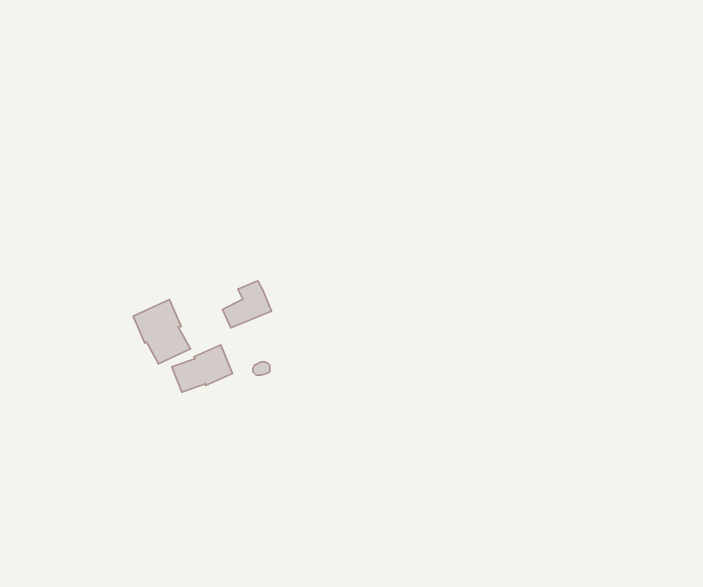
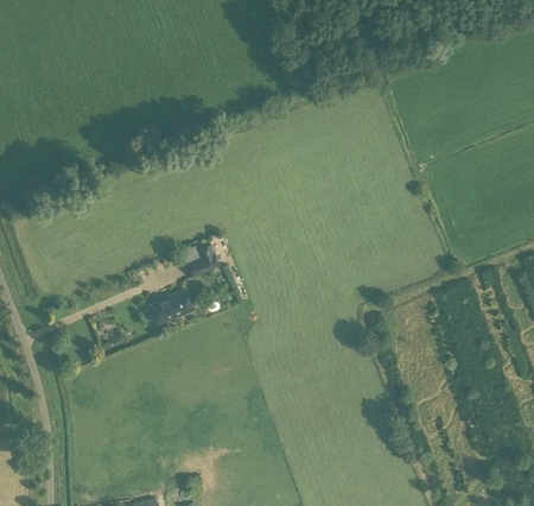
building: [133,300,190,364] -> none

